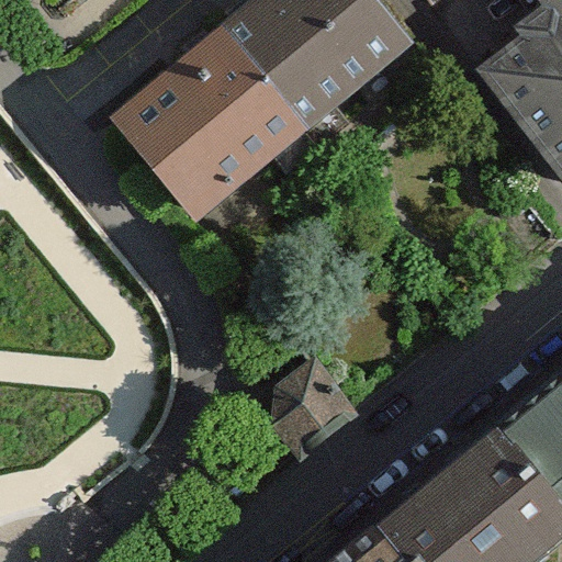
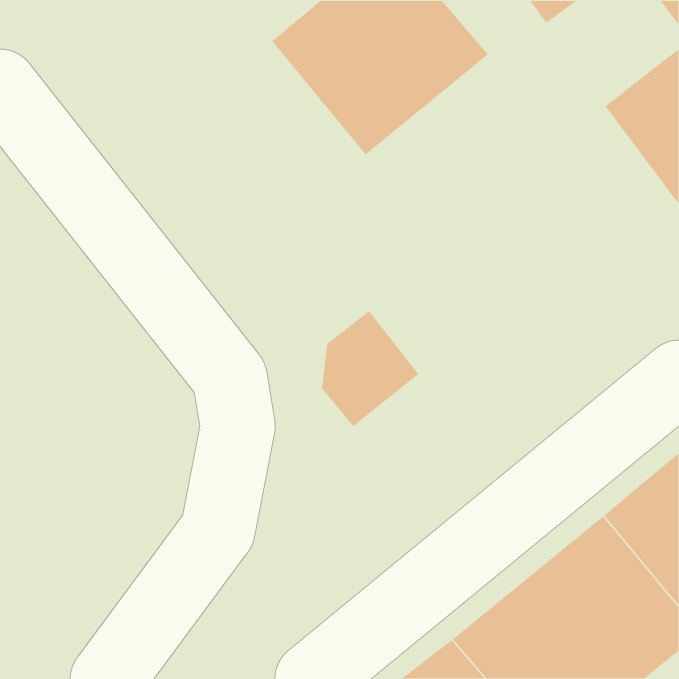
building: [122,34,302,212] -> none
building: [276,361,357,458] -> [321,310,419,427]

